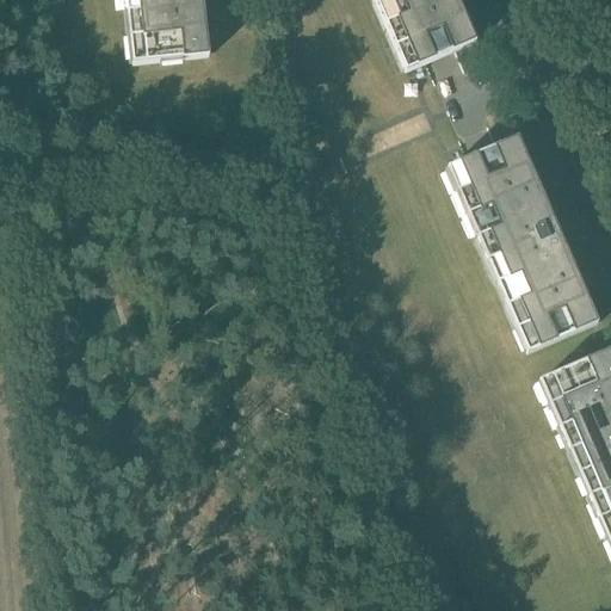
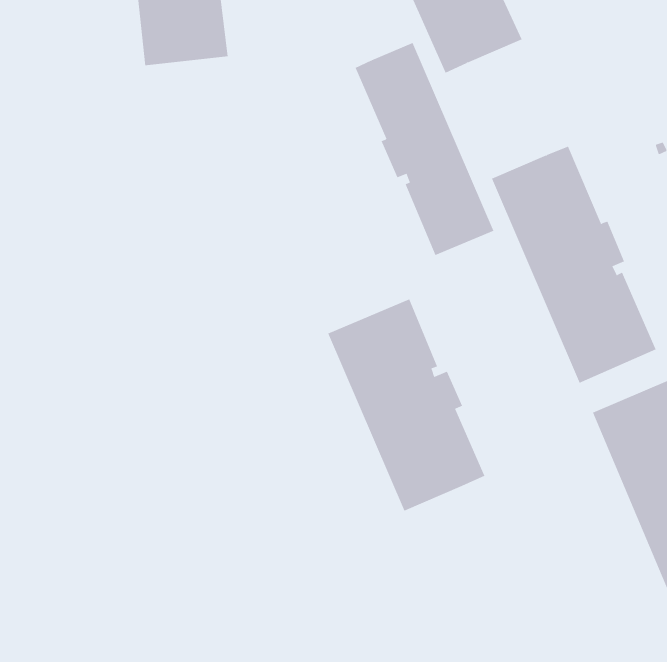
building: none -> [355,42,494,256]
building: none -> [327,299,485,512]

